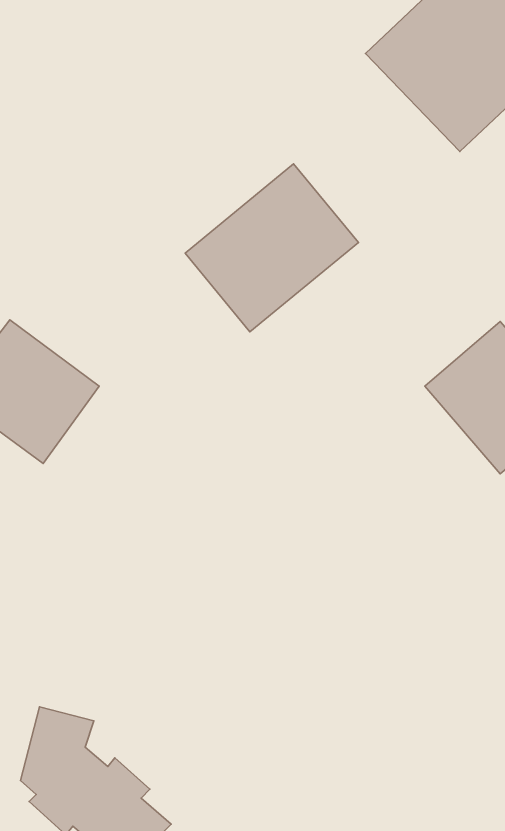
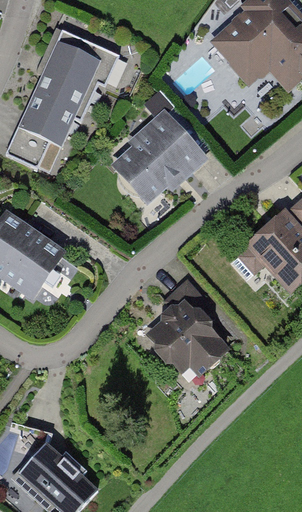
building: none -> [7,38,108,179]
building: none -> [145,281,240,375]

